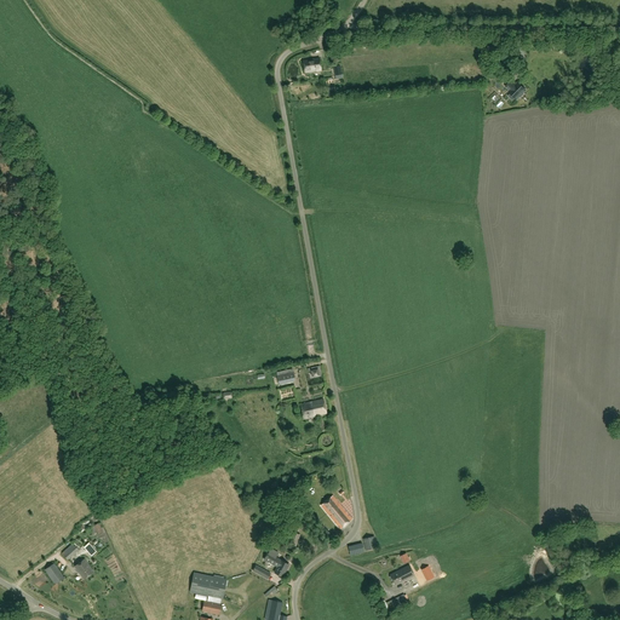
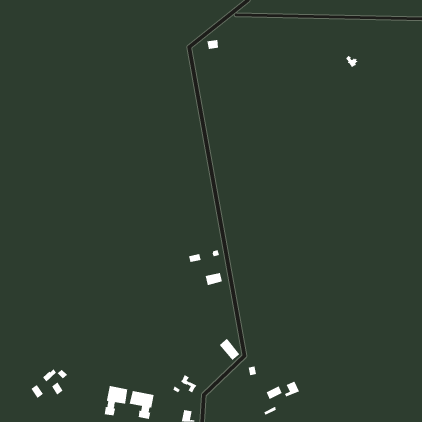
building: none -> [104,385,128,416]

